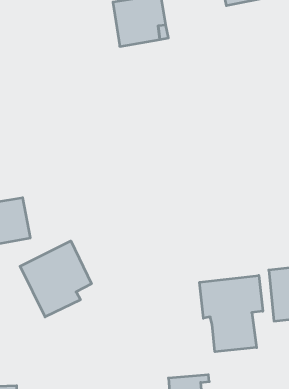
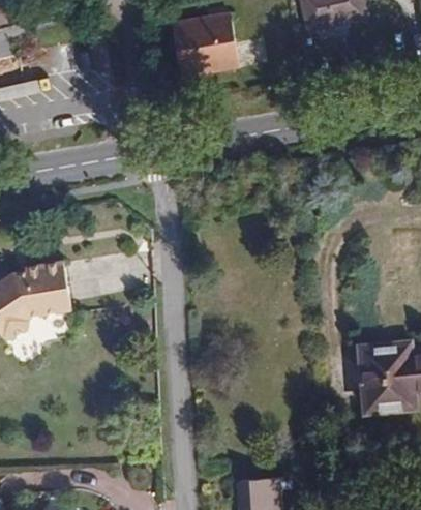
building: [20,241,91,317] -> none
building: [200,275,263,352] -> none

